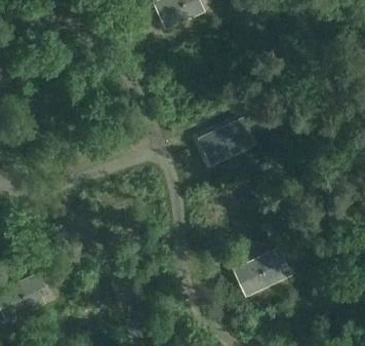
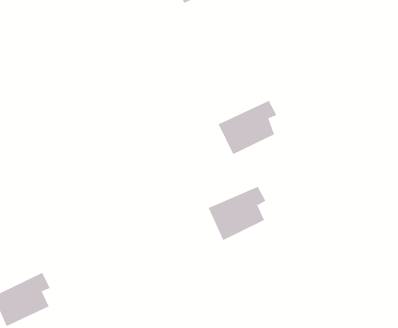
building: [234,247,286,297] -> [208,186,266,241]

